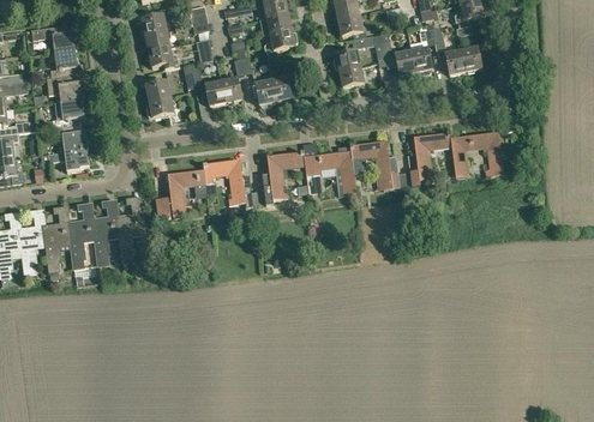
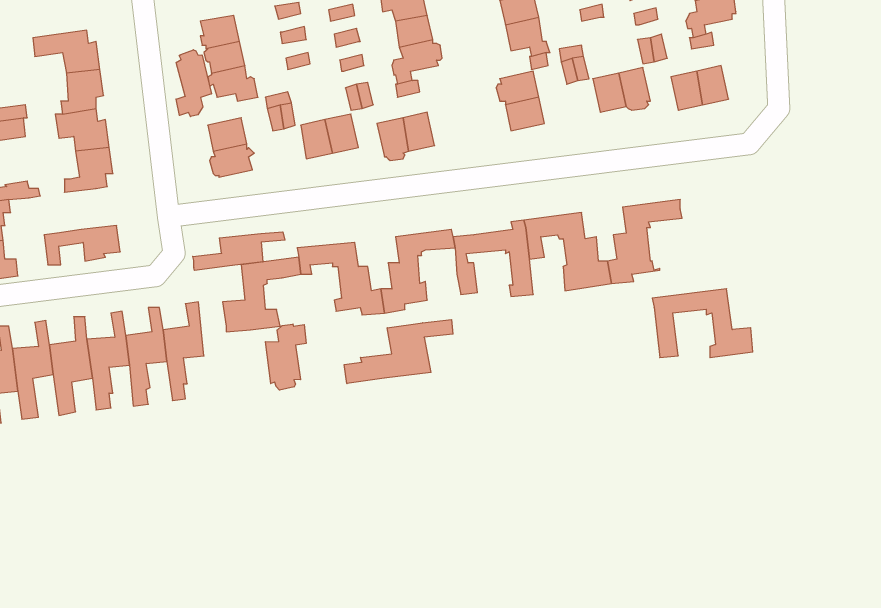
building: none -> [176,50,211,117]
building: [53,125,89,151] -> none
building: [450,132,515,176] -> [652,289,753,358]
building: none -> [193,232,285,270]
building: none -> [344,320,453,384]
building: none -> [265,324,306,390]

